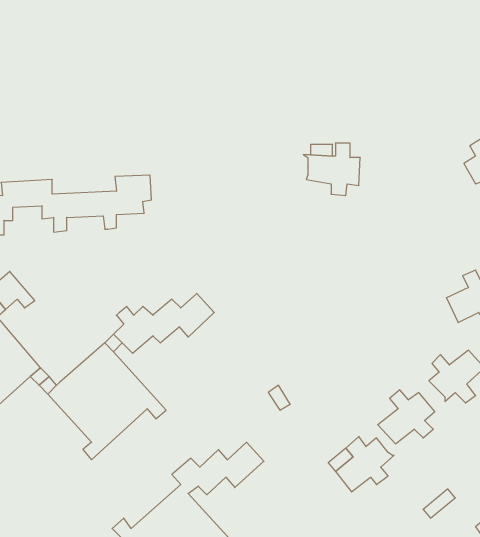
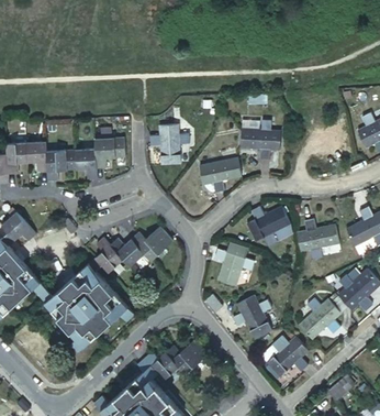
building: none -> [150,118,189,158]
building: none -> [198,154,242,189]
building: none -> [243,206,286,245]
building: none -> [293,216,334,258]
building: none -> [209,242,247,287]
building: none -> [232,297,271,340]

